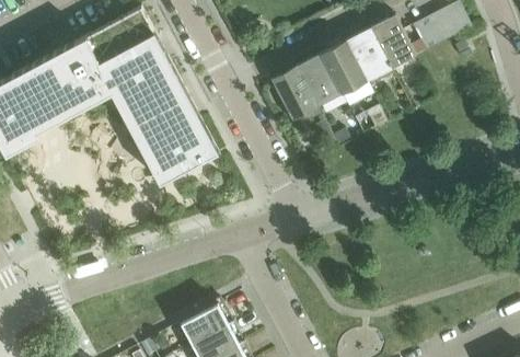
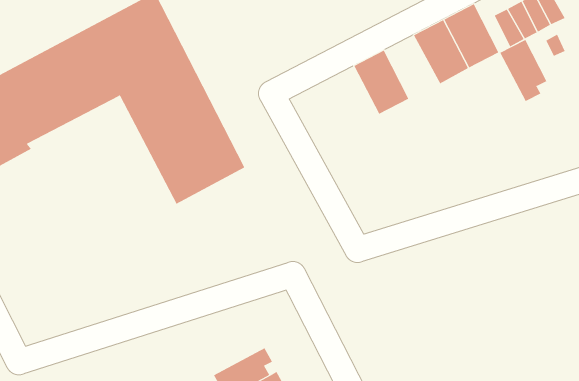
building: [323,44,369,96] -> none
building: none -> [500,39,547,102]
building: [273,69,319,123] -> none

